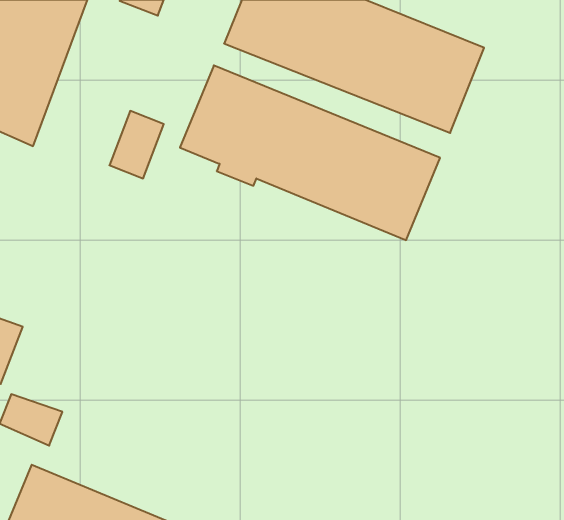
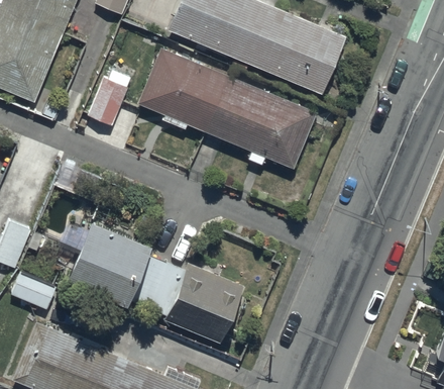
building: none -> [64,220,243,344]

